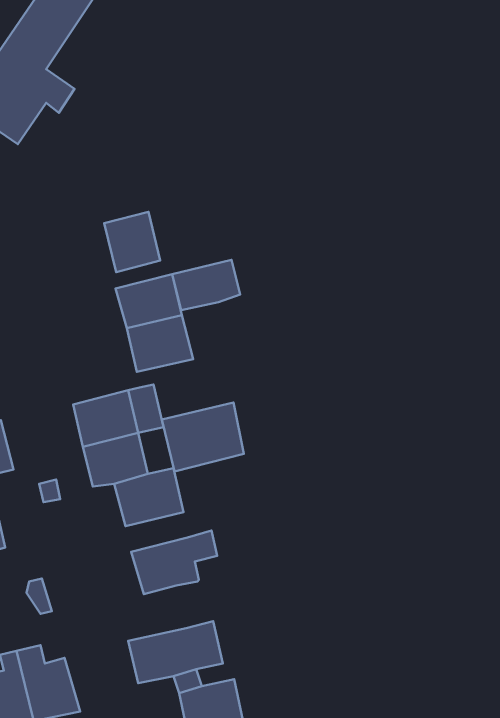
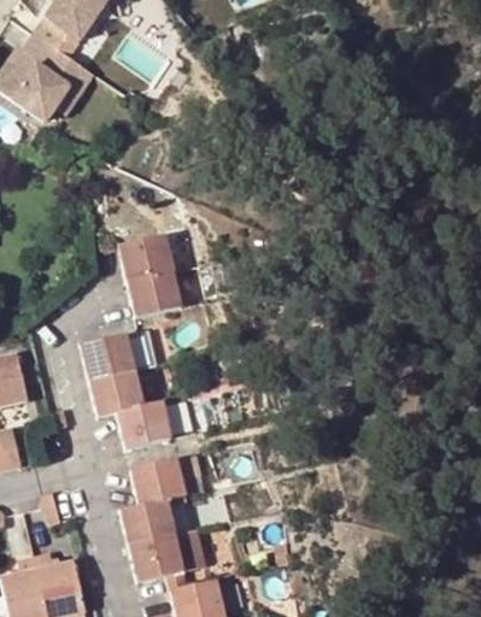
building: [104,212,160,272] -> none
building: [172,260,240,310] -> none
building: [162,403,244,471] -> none
building: none -> [121,495,190,546]

